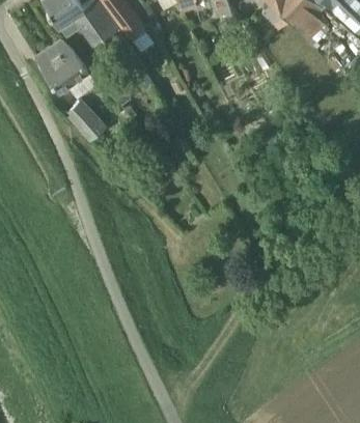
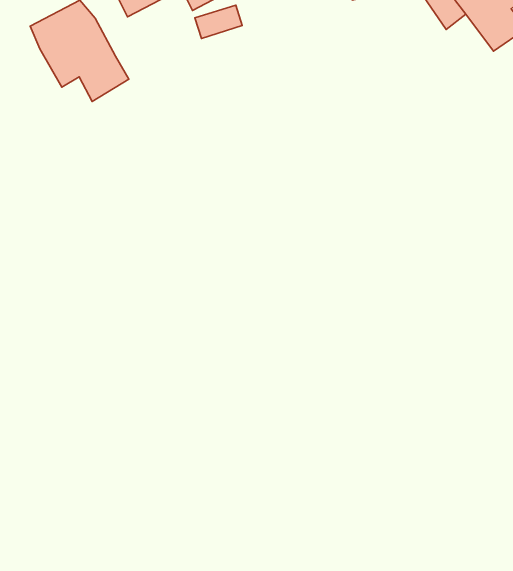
building: [65,101,106,141] -> none

